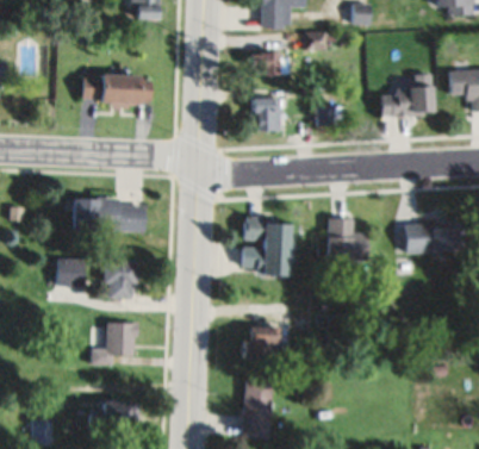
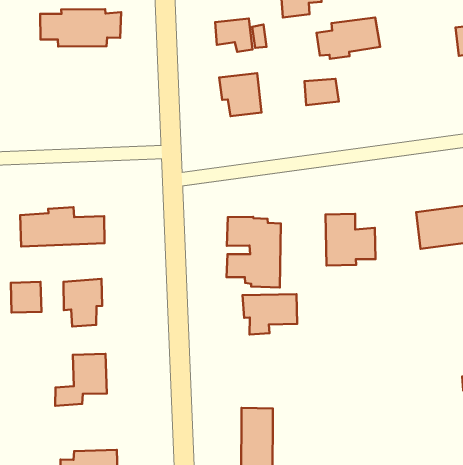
building: [83,74,153,107] -> [40,9,121,47]
building: [382,86,435,118] -> [317,17,380,59]
building: [249,326,294,360] -> [242,294,297,334]

